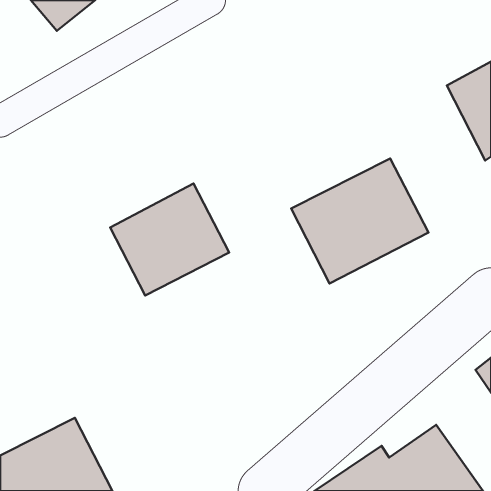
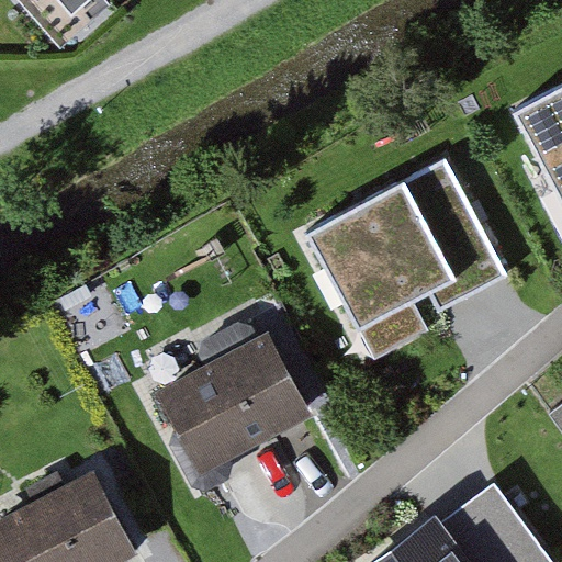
building: [110,184,229,296] -> none
building: none -> [149,341,306,485]

